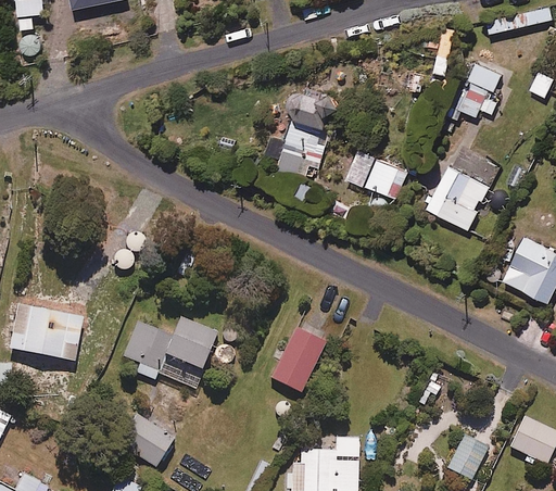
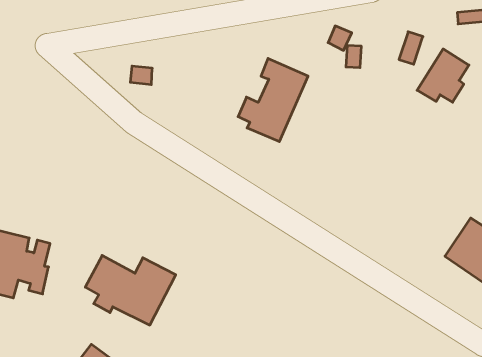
building: [346,150,407,199] -> none
building: [426,165,489,229] -> none
building: [271,327,327,392] -> none

